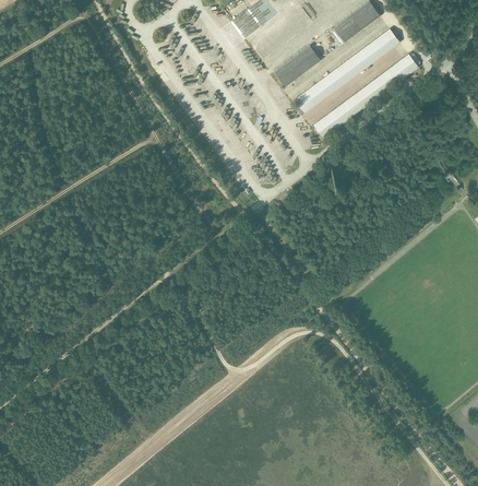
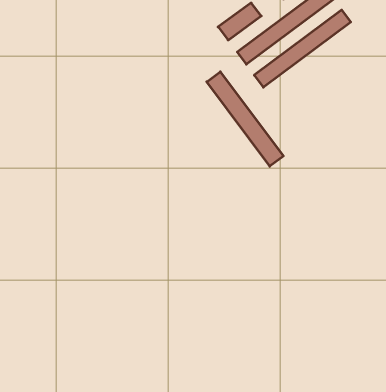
building: none -> [207,72,283,166]

